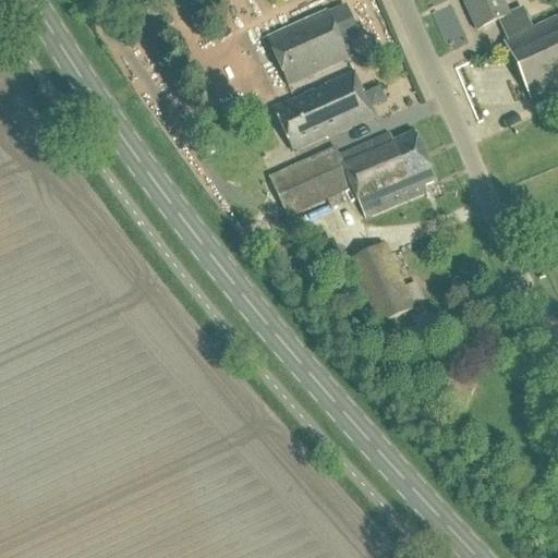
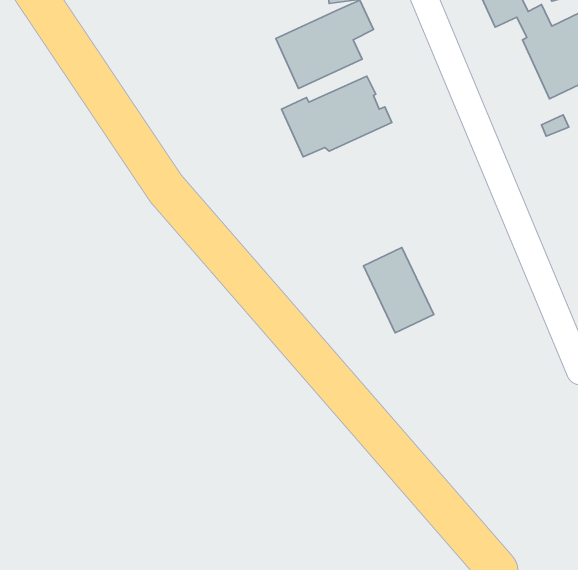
building: [271,129,436,216] -> none

